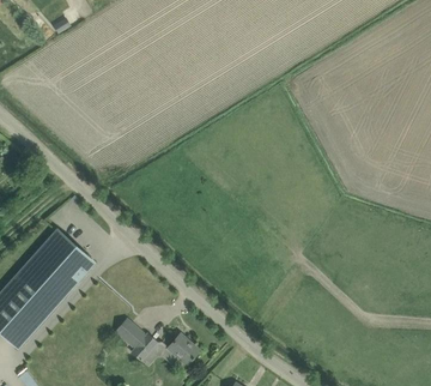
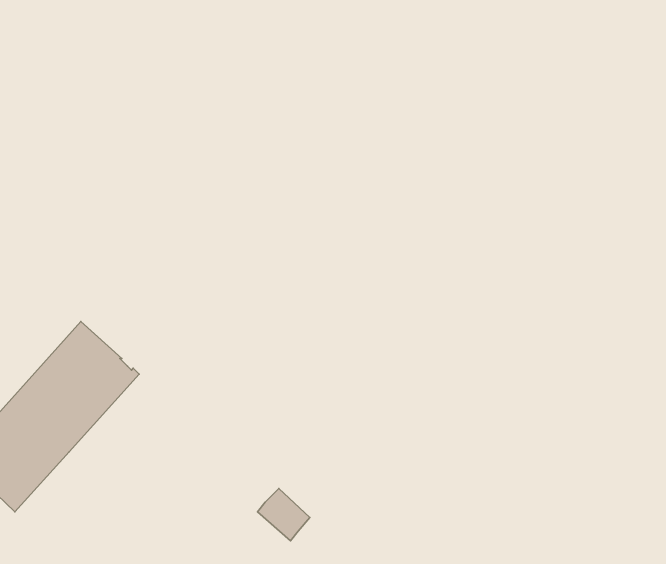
building: [115,319,157,361] -> none

